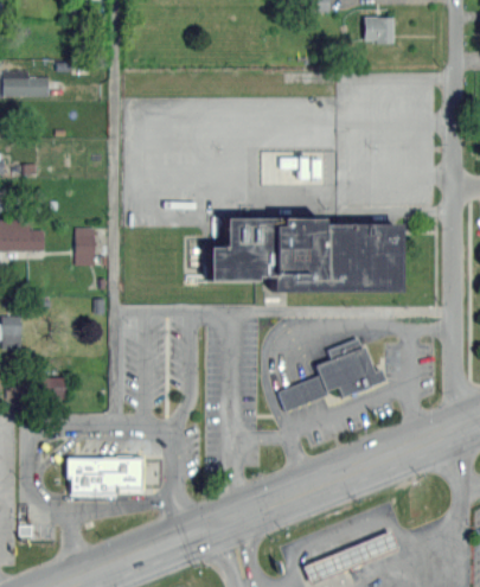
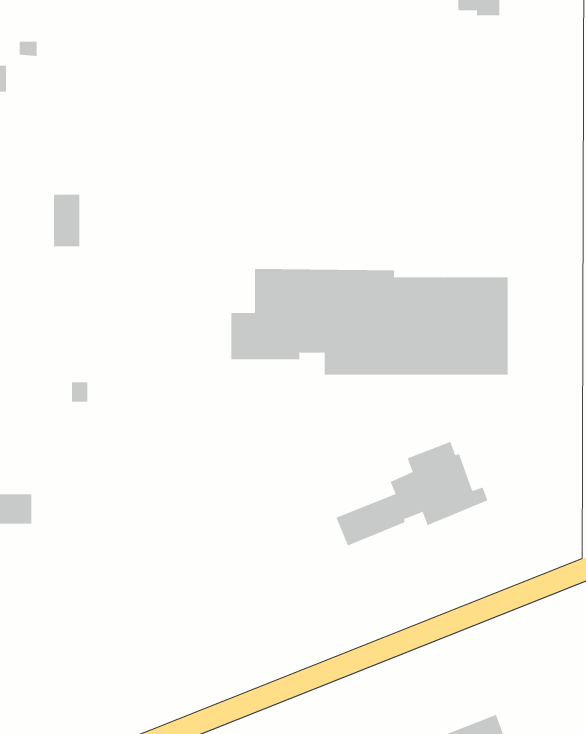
building: [76,228,95,264] -> [53,194,80,247]
building: [70,458,146,493] -> none

